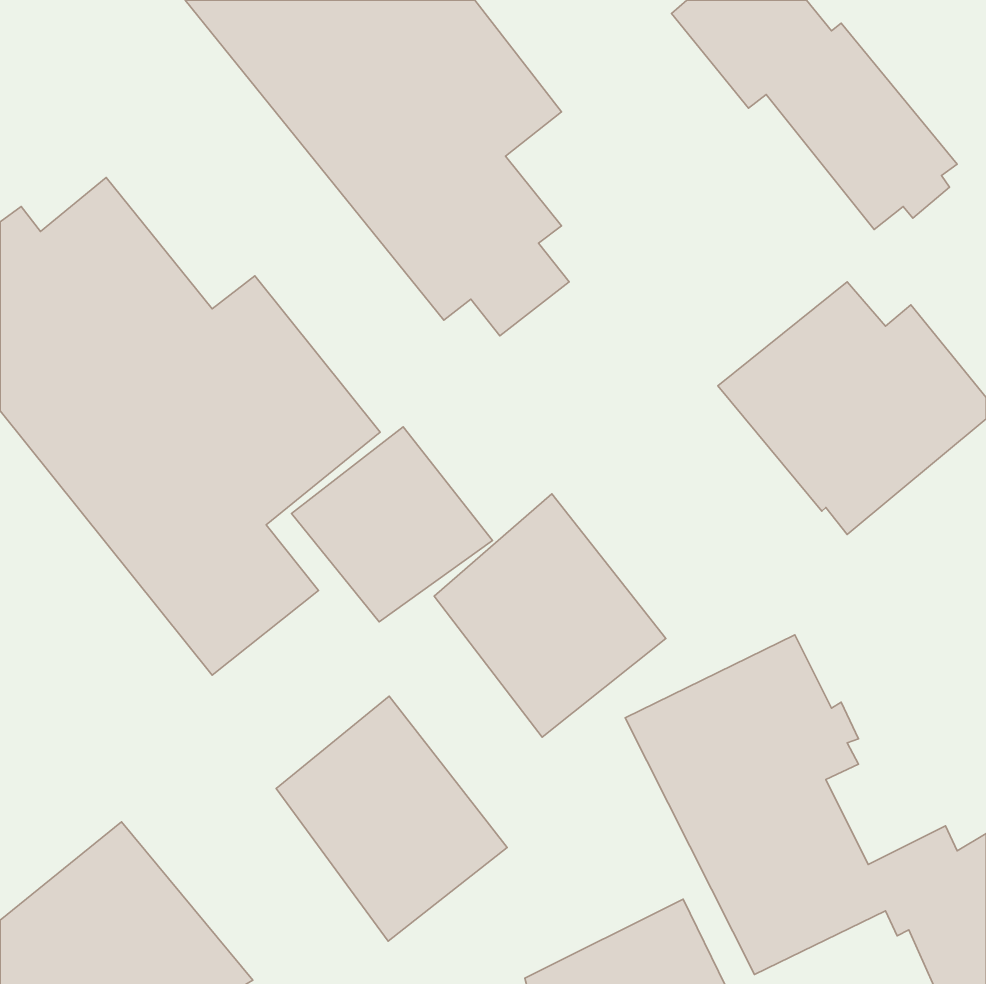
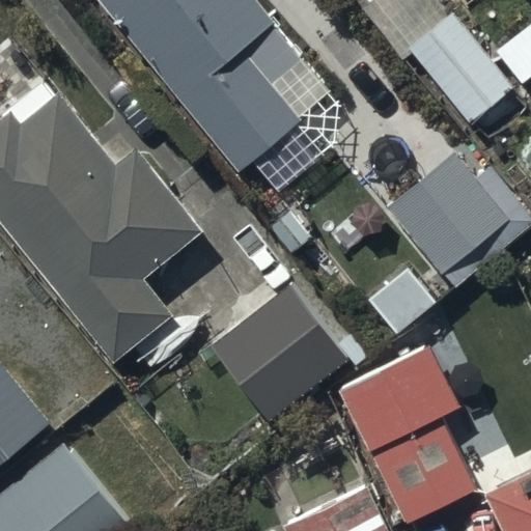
building: [292,427,493,622] -> none
building: [276,696,507,941] -> none

